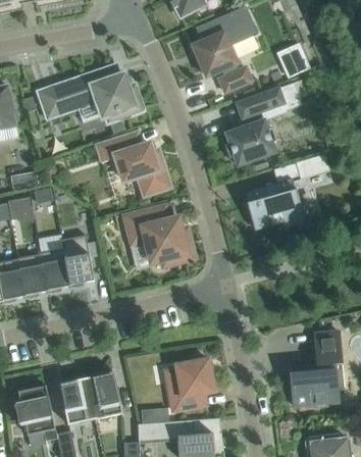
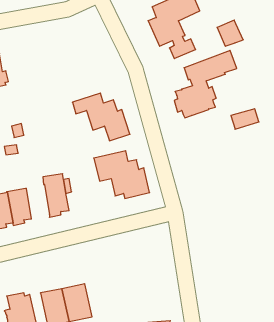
building: [38,66,141,133] -> none
building: [244,179,304,230] -> none
building: [39,248,68,294] -> none
building: [289,332,343,408] -> none
building: [166,357,213,410] -> none

